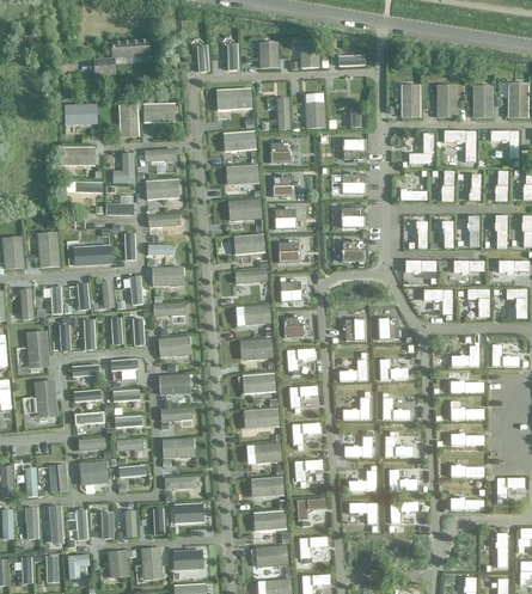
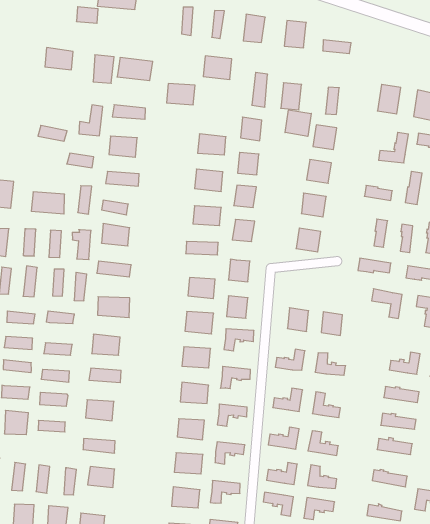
building: none -> [285,110,311,136]
building: [228,129,256,151] -> [167,84,195,105]
building: [67,146,93,165] -> none

